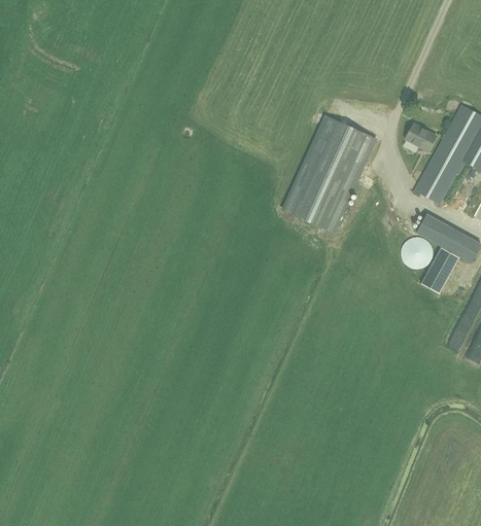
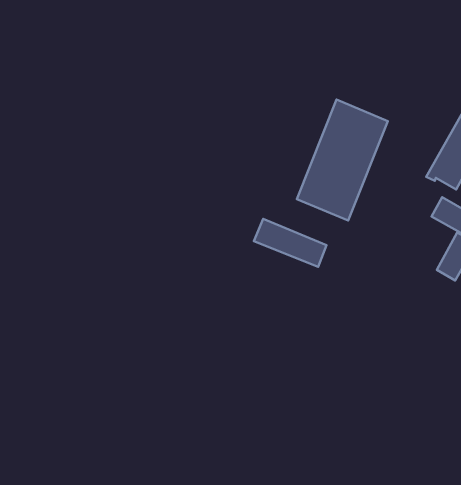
building: [405,121,436,150] -> none
building: none -> [254,219,327,267]

